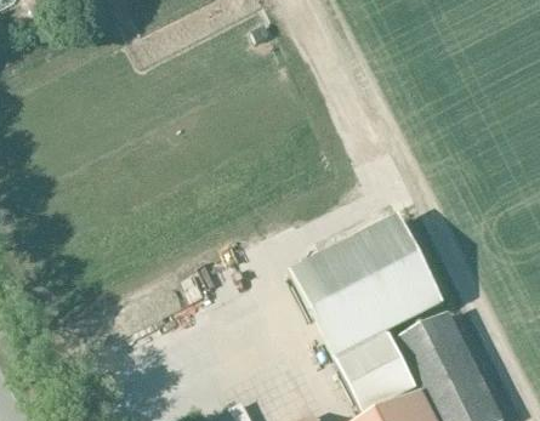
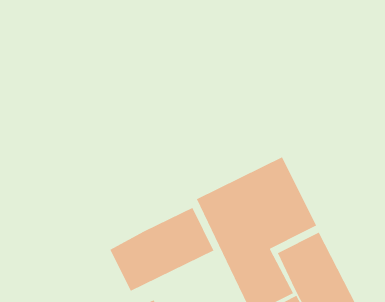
building: none -> [109,207,214,292]

